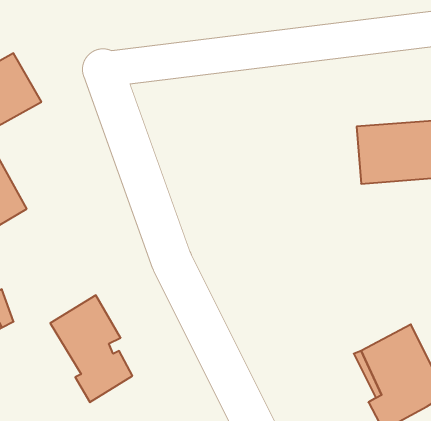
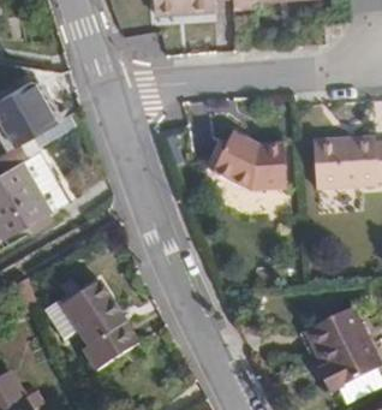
building: none -> [213,137,291,194]

